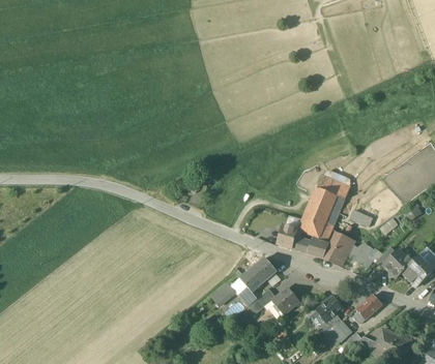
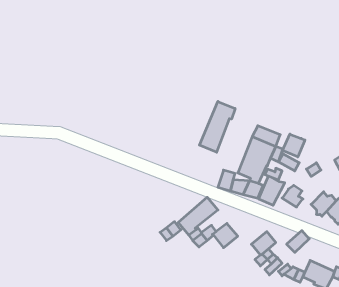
building: none -> [199,101,235,152]
building: none -> [283,134,305,157]

